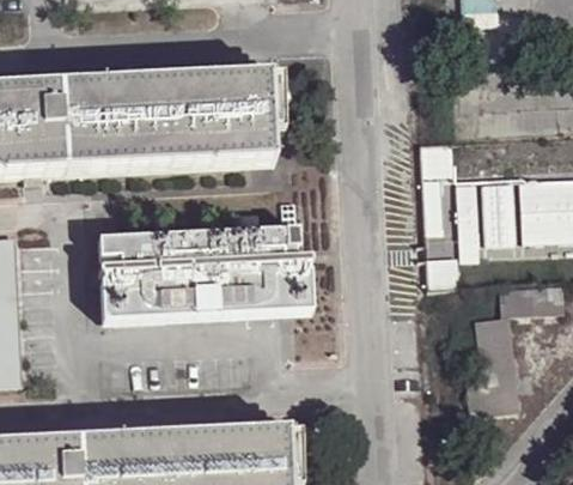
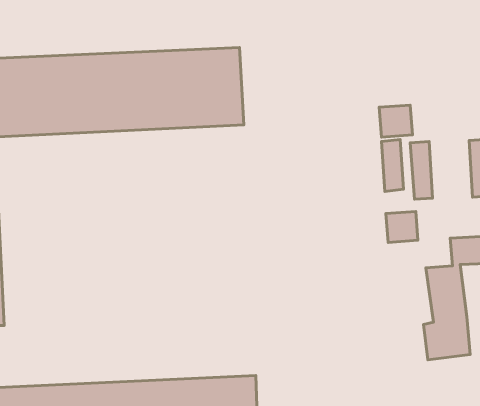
building: [482,177,513,240] -> none
building: [98,229,311,321] -> none

